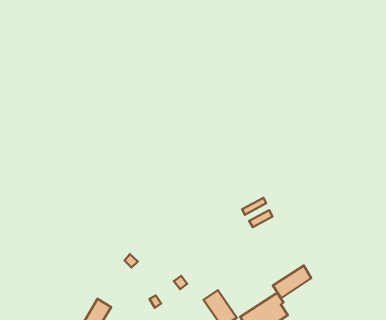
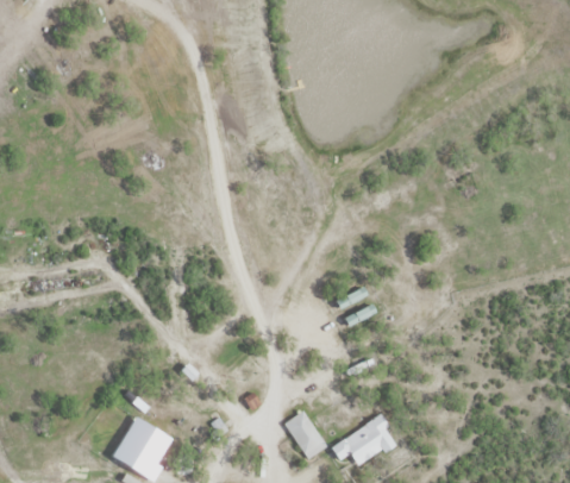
building: [273,266,311,298] -> none

